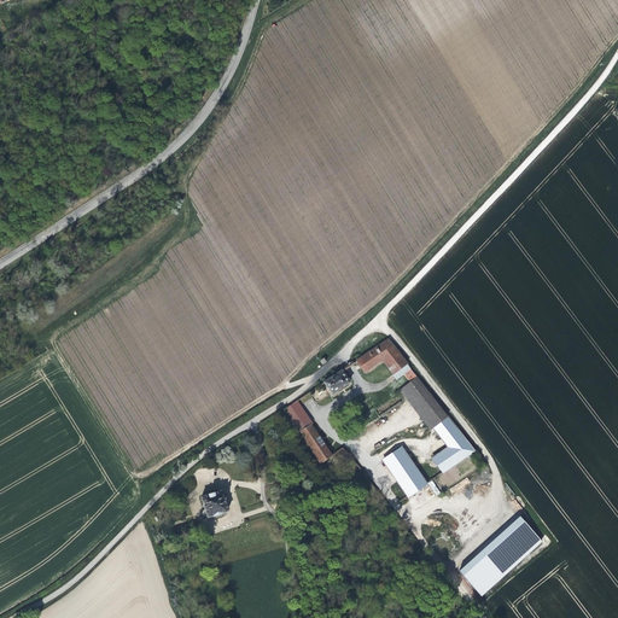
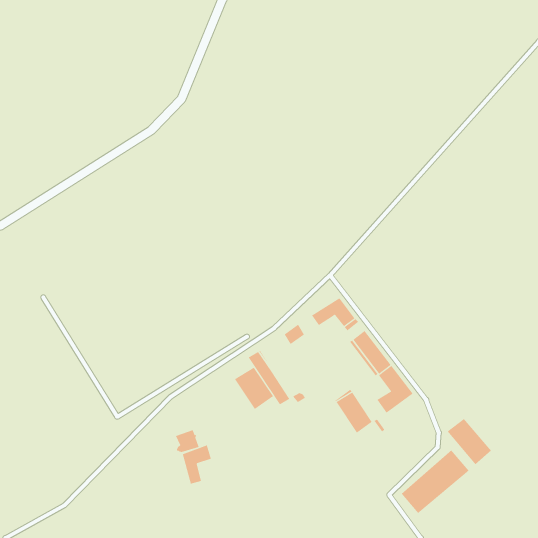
building: none -> [234,367,274,410]
building: none -> [447,418,492,465]
building: none -> [182,444,212,484]

